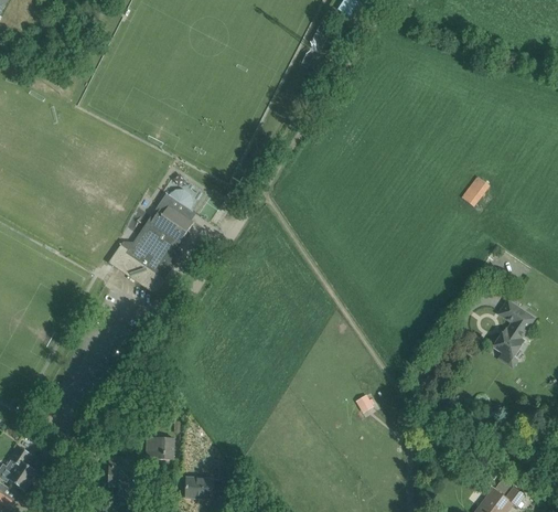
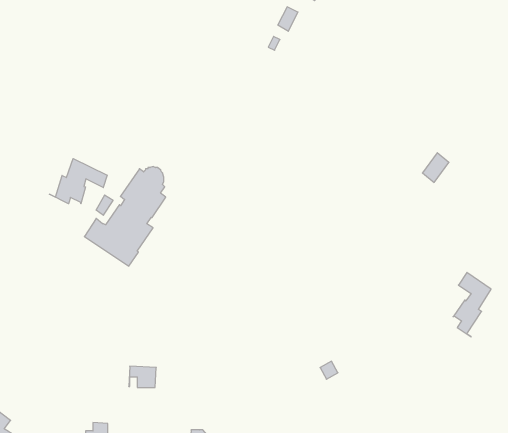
building: none -> [49,159,107,204]
building: [146,437,174,459] -> [129,366,156,387]

